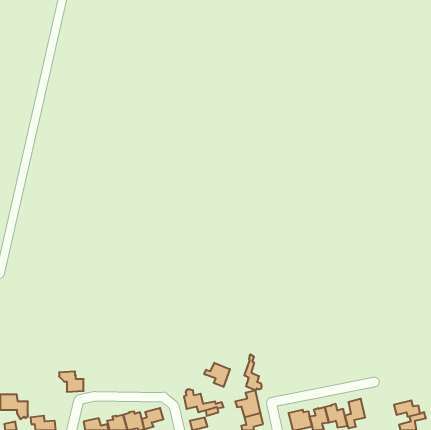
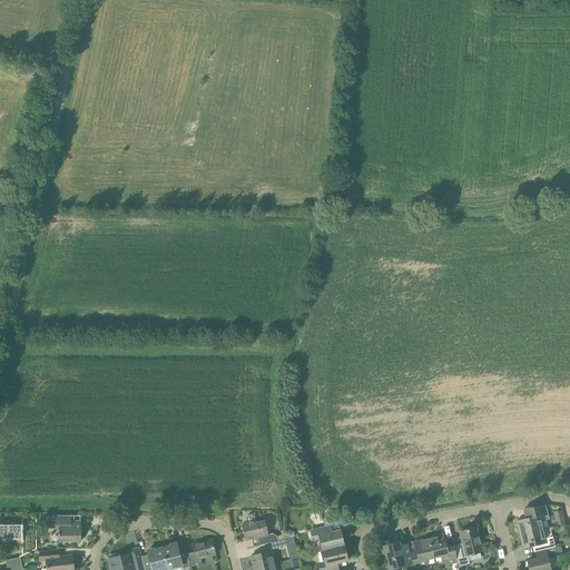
building: [244,354,261,390] -> none
building: [204,363,230,387] -> none
building: [59,371,84,392] -> [49,514,81,541]
building: none -> [517,504,549,534]

